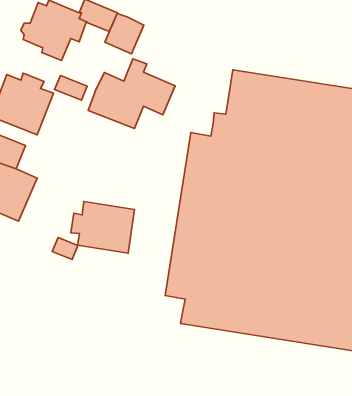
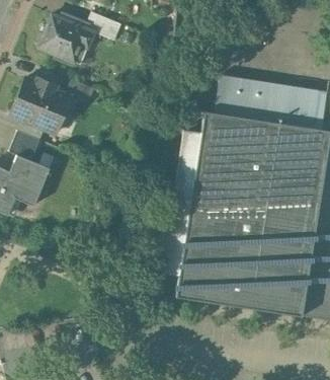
building: [105,14,144,54] -> none
building: [88,59,175,129] -> none
building: [71,202,134,253] -> none

